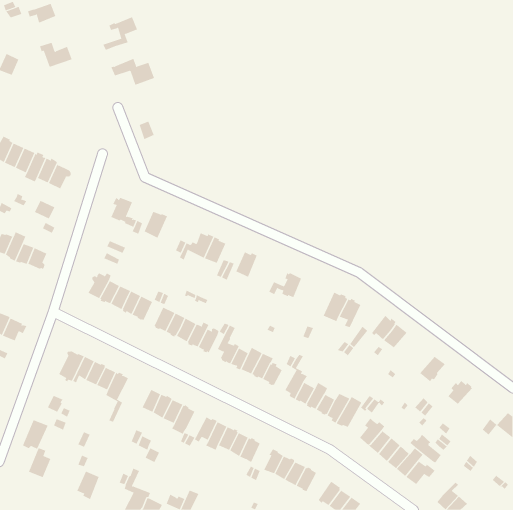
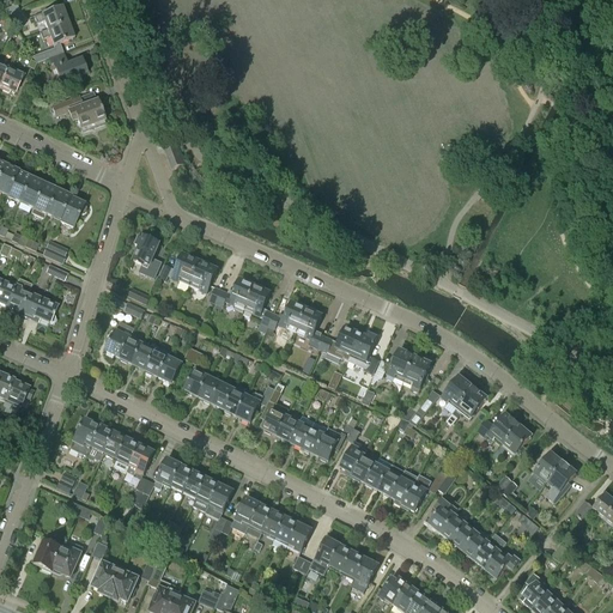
building: [102,16,138,51] -> [31,19,73,60]
building: [111,58,155,85] -> [50,93,103,126]
building: none -> [188,257,217,291]
building: none -> [296,304,326,347]
building: none -> [347,330,377,372]
building: none -> [475,412,517,444]
building: none -> [135,456,180,506]
building: none -> [542,462,575,500]
building: [22,419,48,450] -> [51,538,83,573]
building: [410,434,442,463] -> none
building: none -> [108,568,136,600]

